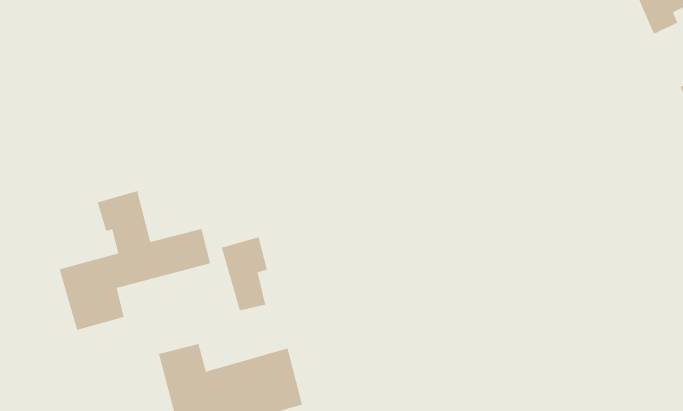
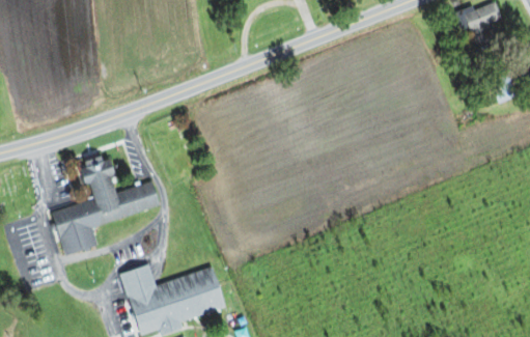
building: [221,237,267,311] -> none

